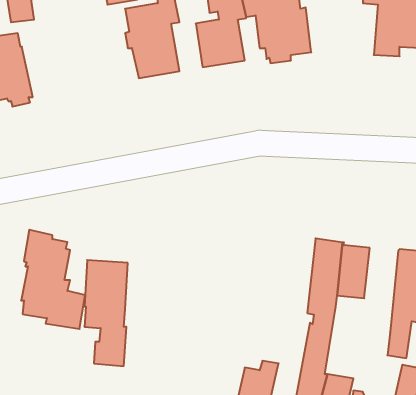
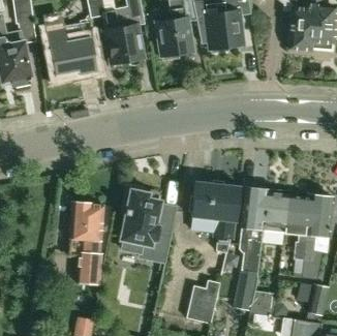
building: none -> [45,13,97,74]
building: [21,230,85,329] -> [122,186,171,262]
building: none -> [190,181,241,253]
building: none -> [284,194,310,258]

